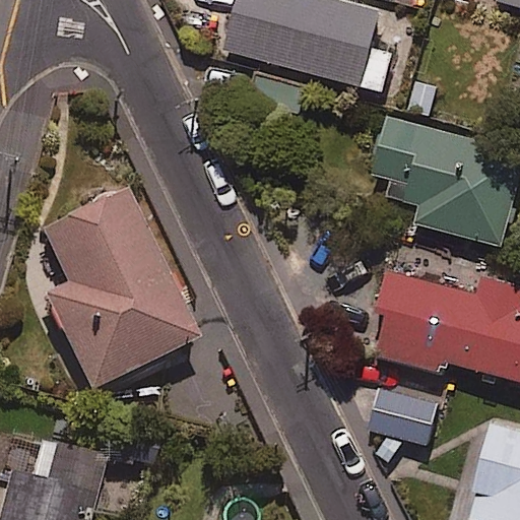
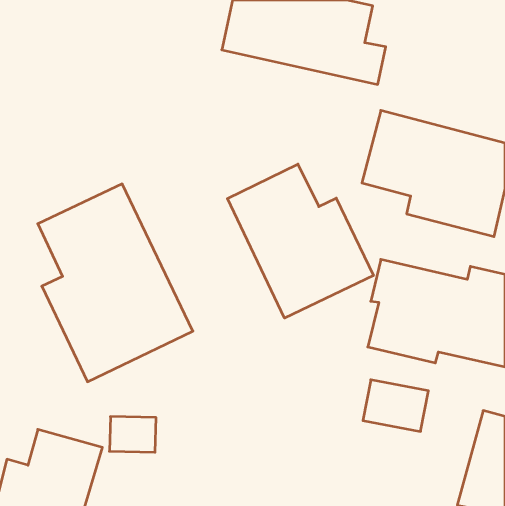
building: none -> [227,164,373,318]

